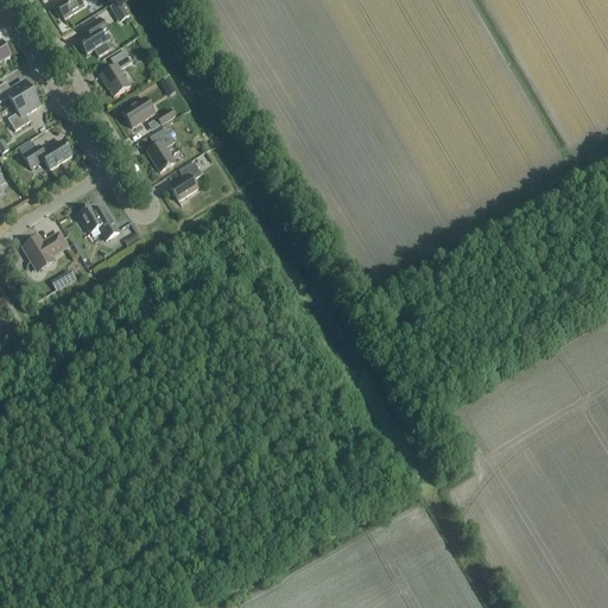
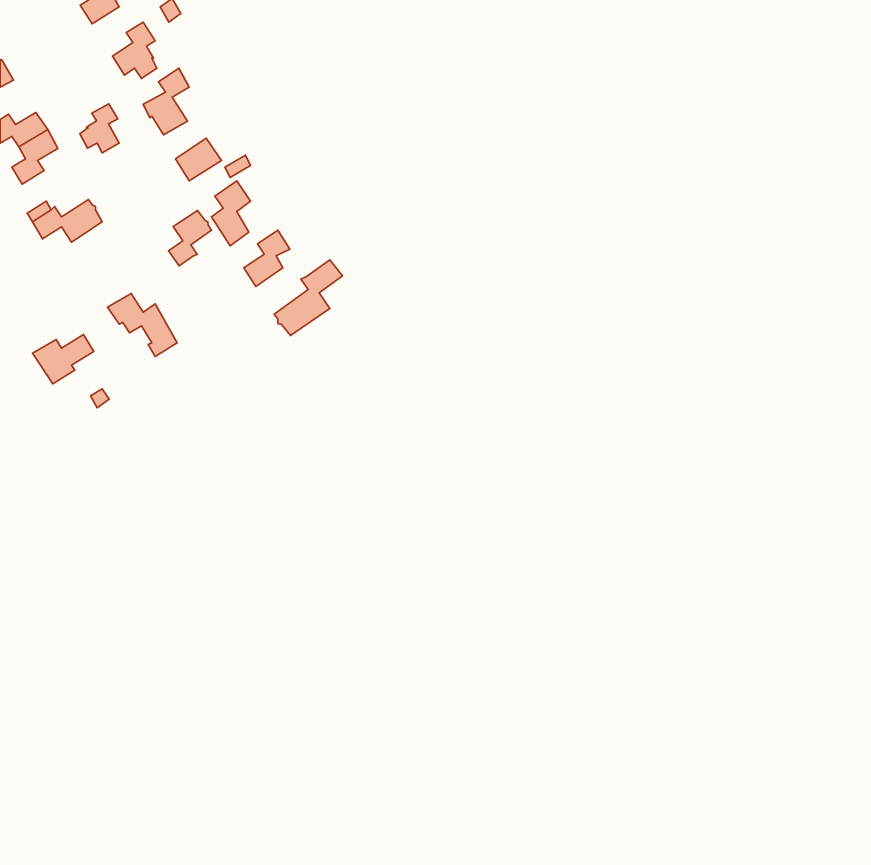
building: none -> [80,104,119,153]
building: none -> [168,210,211,266]
building: none -> [274,260,343,336]

